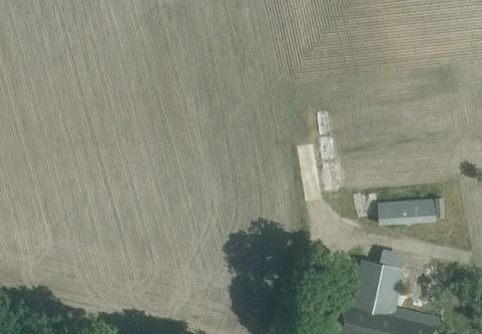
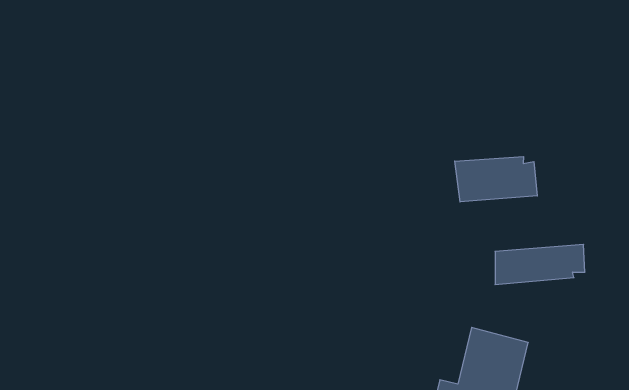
building: none -> [455,157,537,202]

